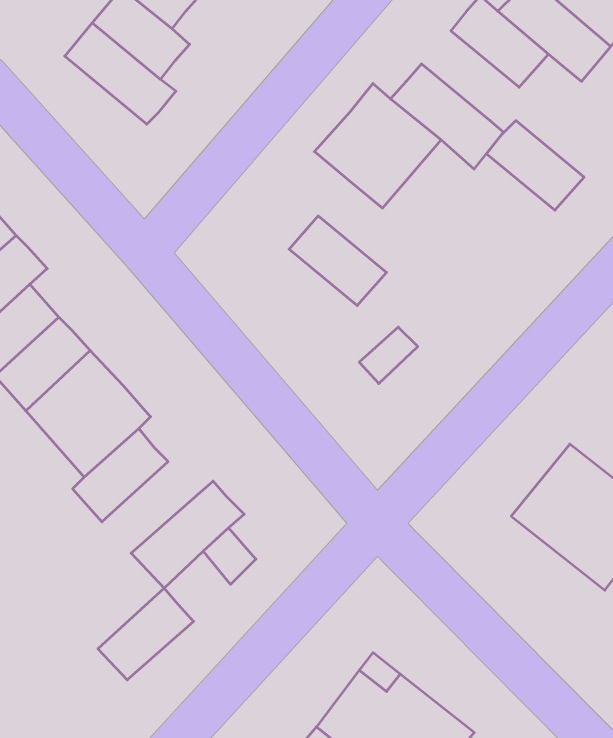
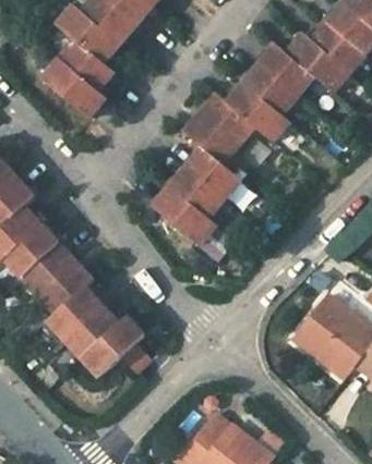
building: [487,121,584,210] -> [242,64,297,114]
building: none -> [184,148,239,199]
building: none -> [152,186,214,244]
building: [98,588,194,680] -> [63,305,117,356]

